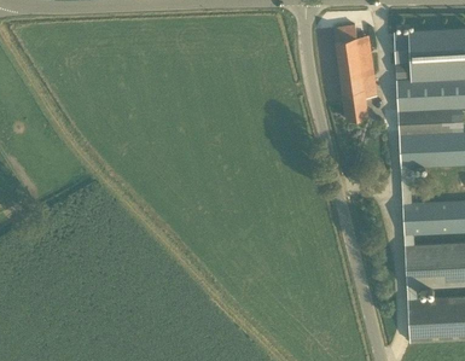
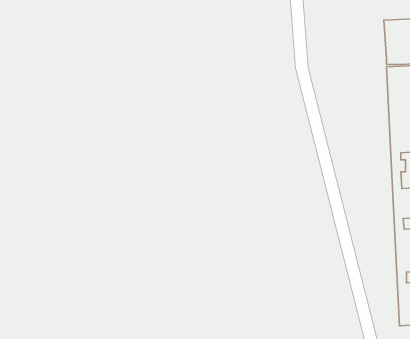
building: [335,24,378,120] -> none

